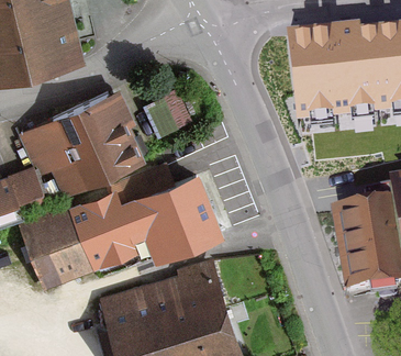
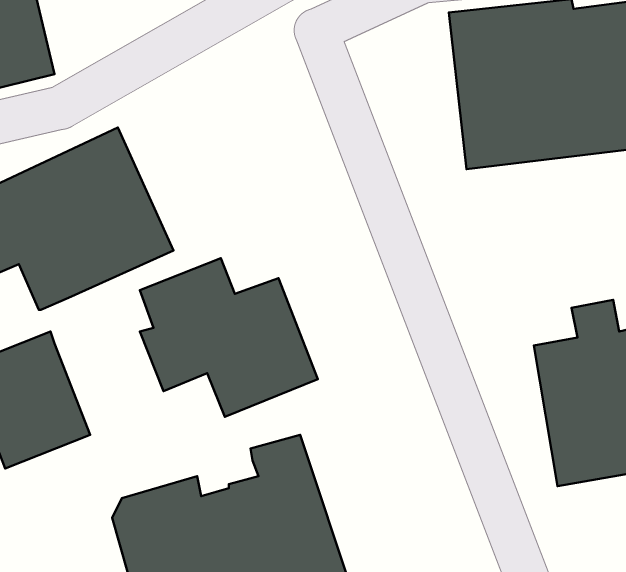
building: [71,198,135,265] -> none

